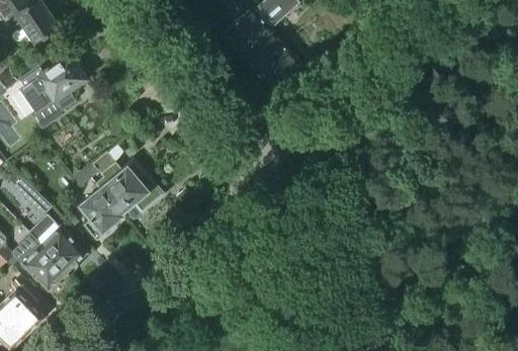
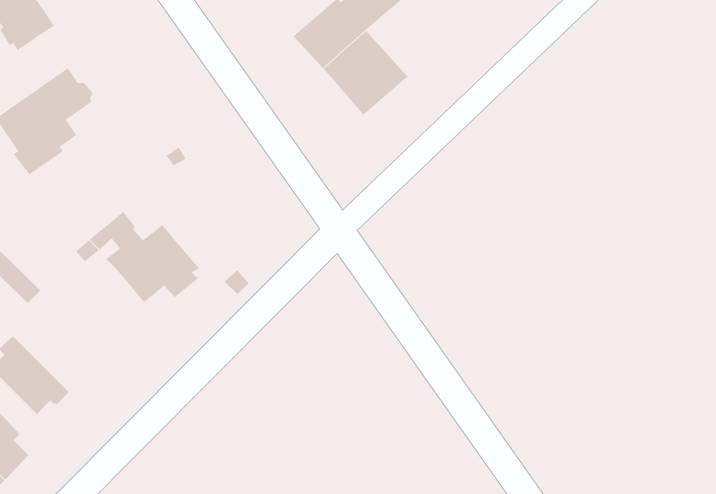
building: [78,189,121,241] -> none
building: [26,213,84,274] -> none

